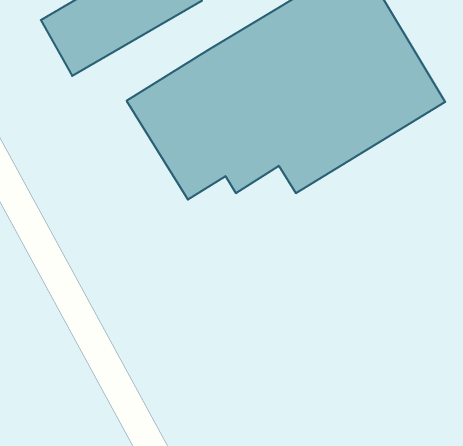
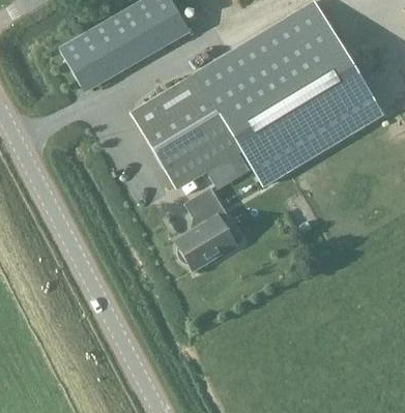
building: none -> [175,186,237,271]

